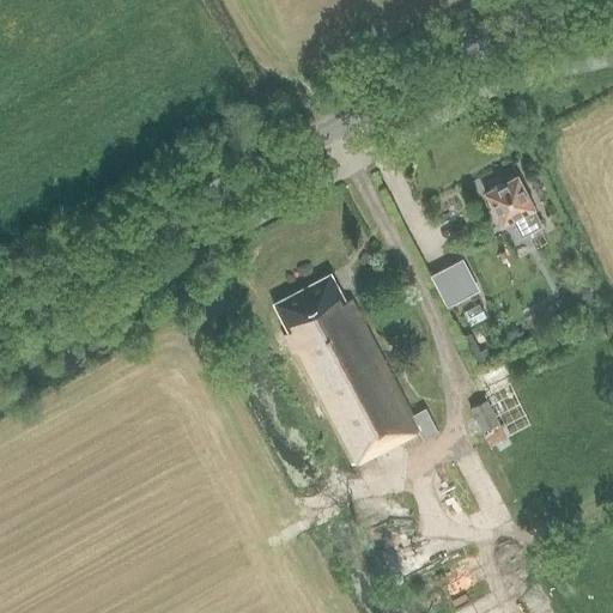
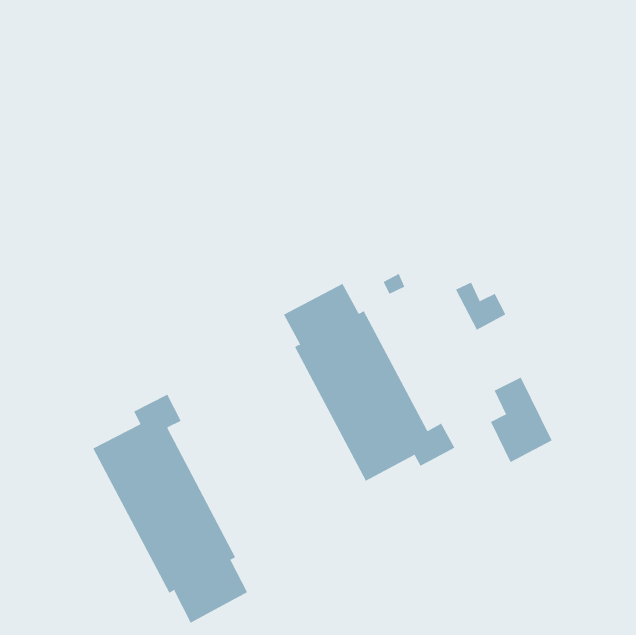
building: [486,174,540,229] -> none
building: none -> [93,394,248,623]

